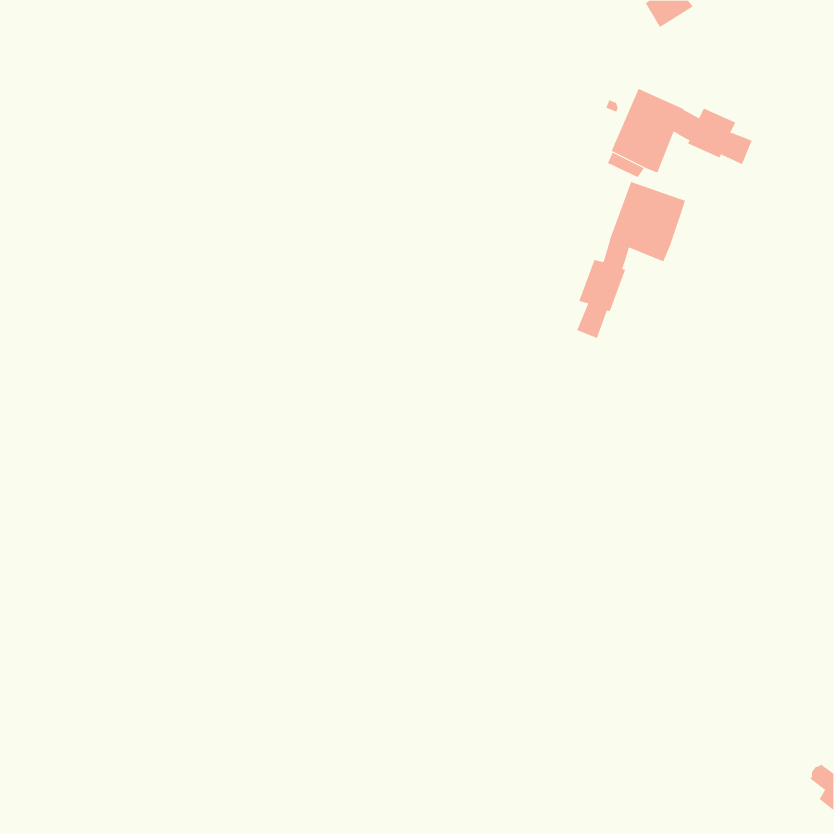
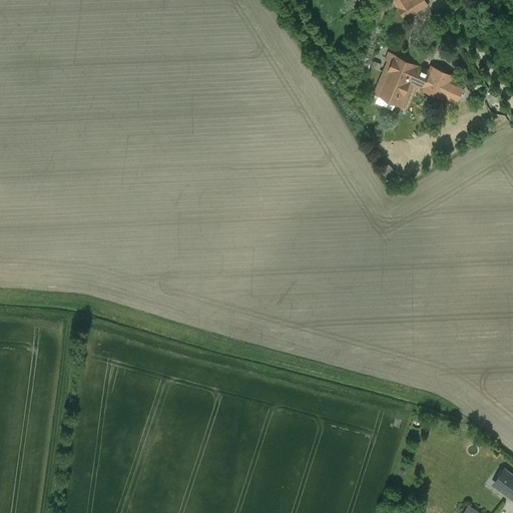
building: [577,181,686,339] -> none

